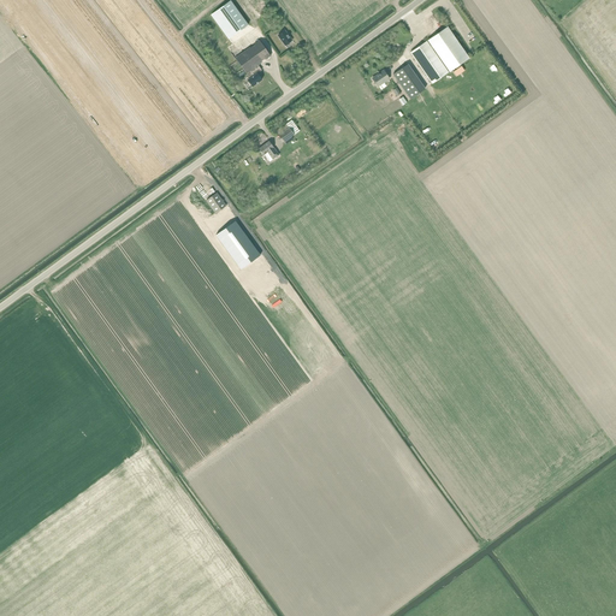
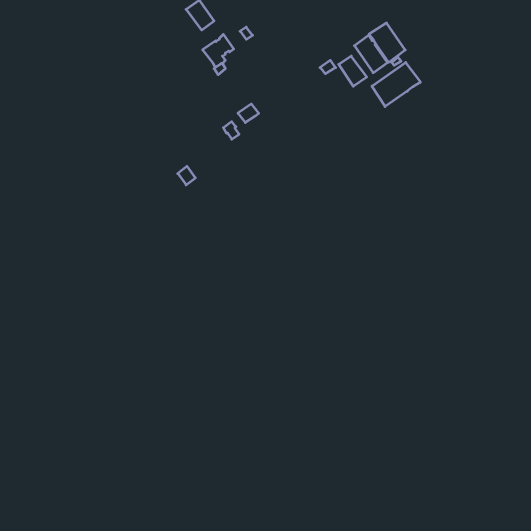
building: none -> [372,62,420,107]
building: [212,217,256,266] -> none

